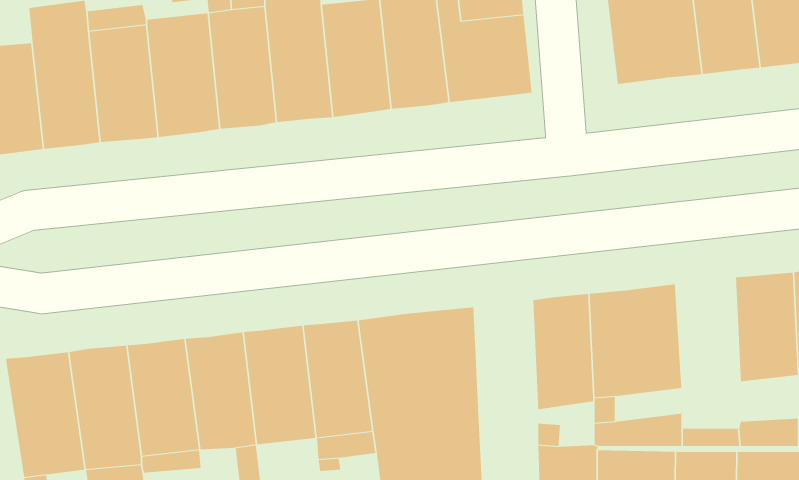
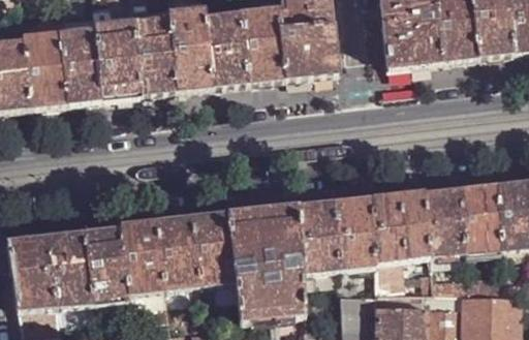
building: none -> [425,187,465,256]
building: none -> [300,202,339,273]

